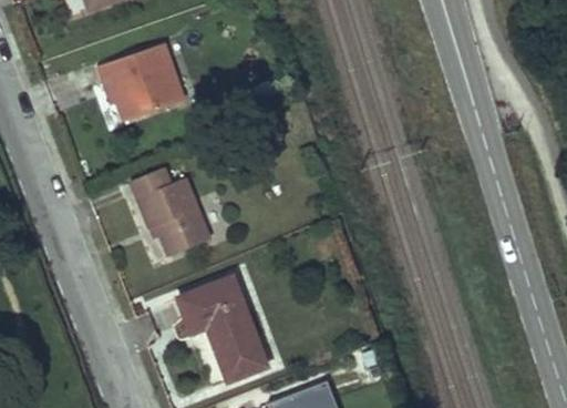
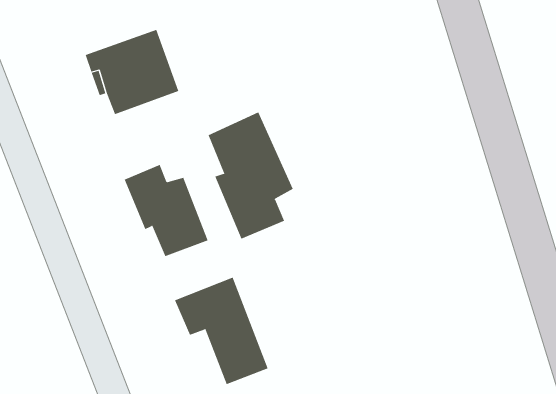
building: none -> [208,111,293,239]

